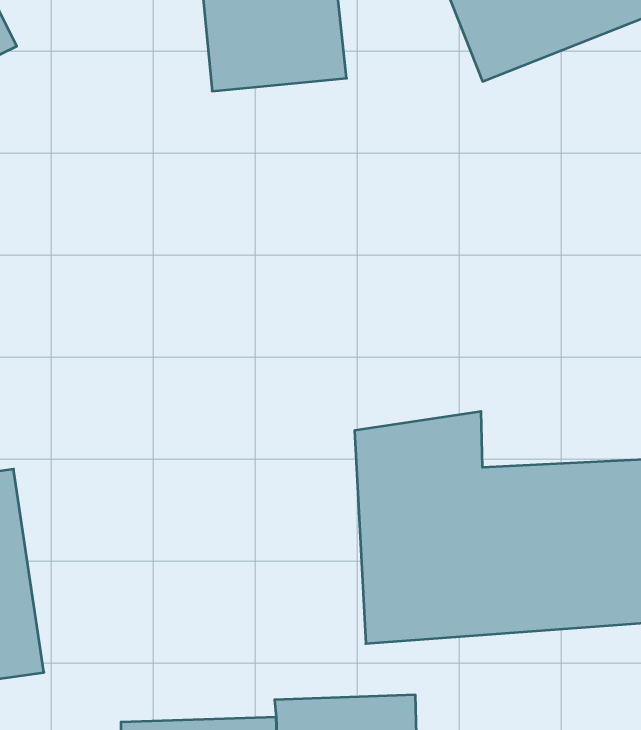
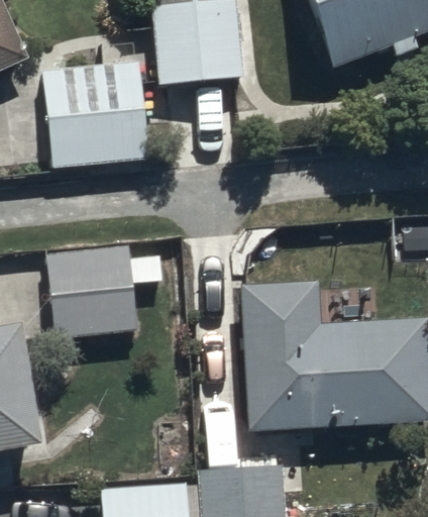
building: none -> [37,56,146,166]
building: none -> [41,242,159,337]

